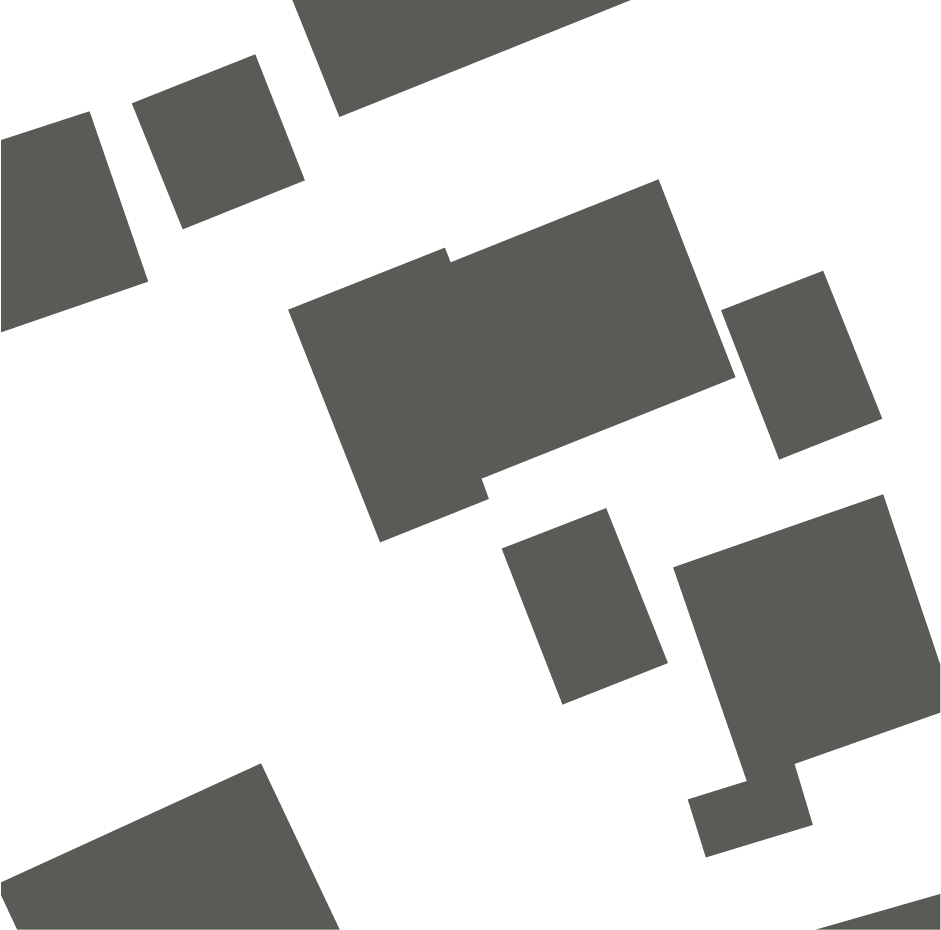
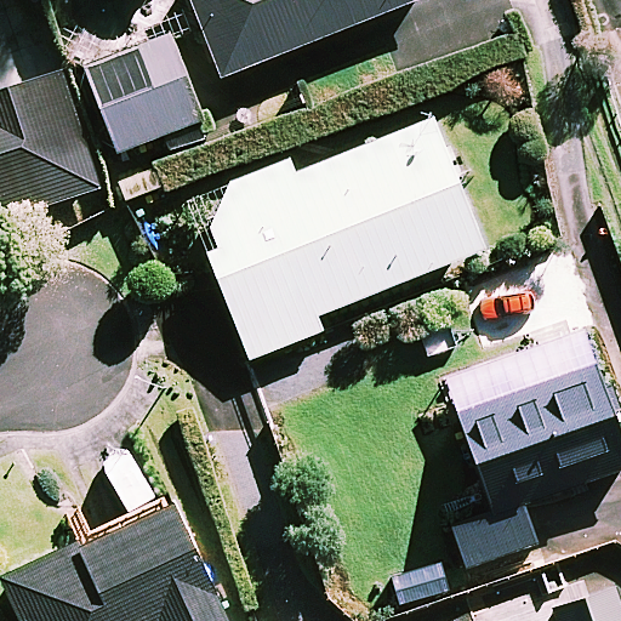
building: [720,270,883,460] -> none
building: [501,507,669,706] -> none

